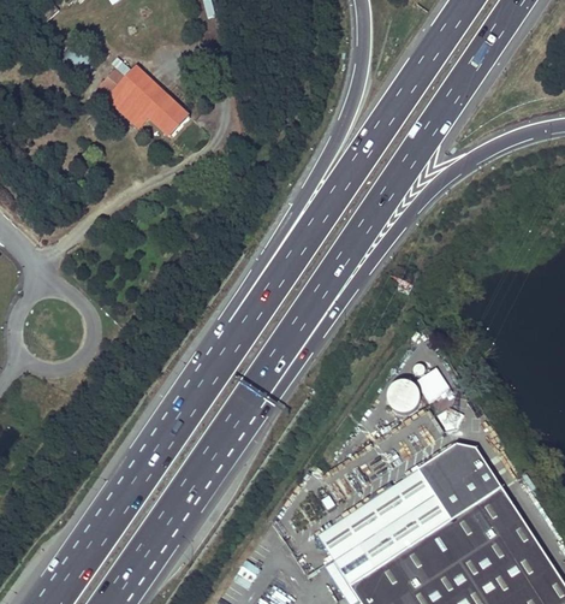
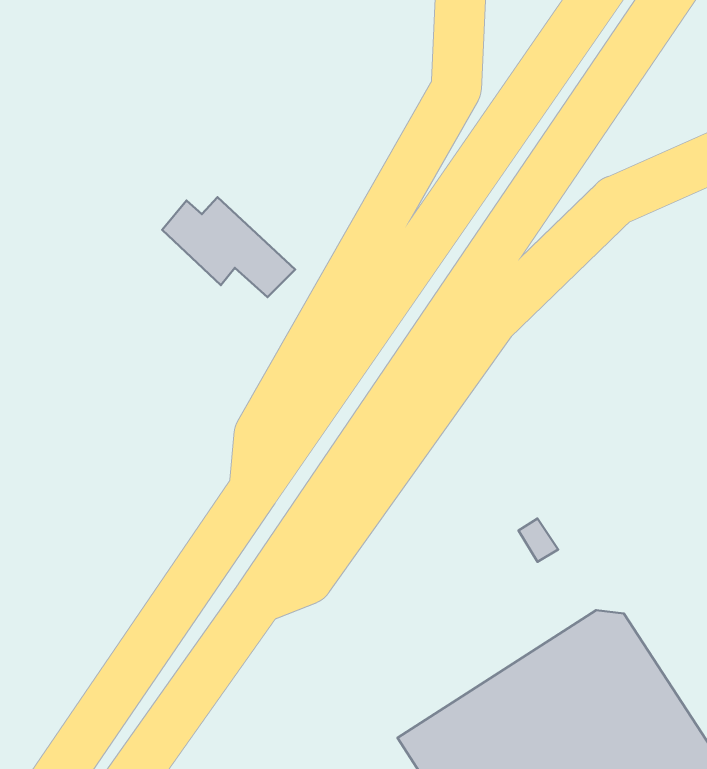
building: [99,69,191,138] -> [162,197,295,297]

